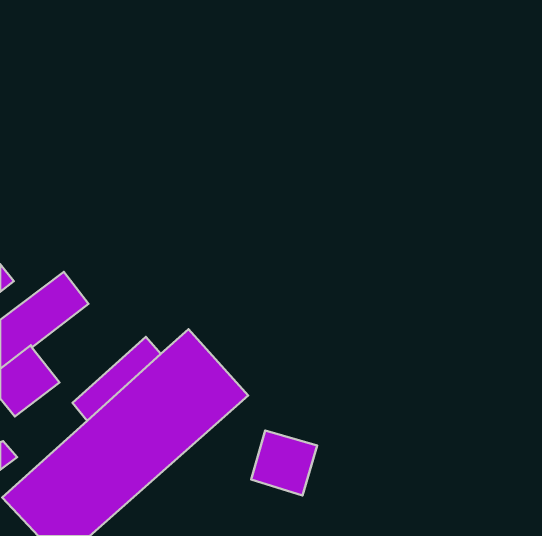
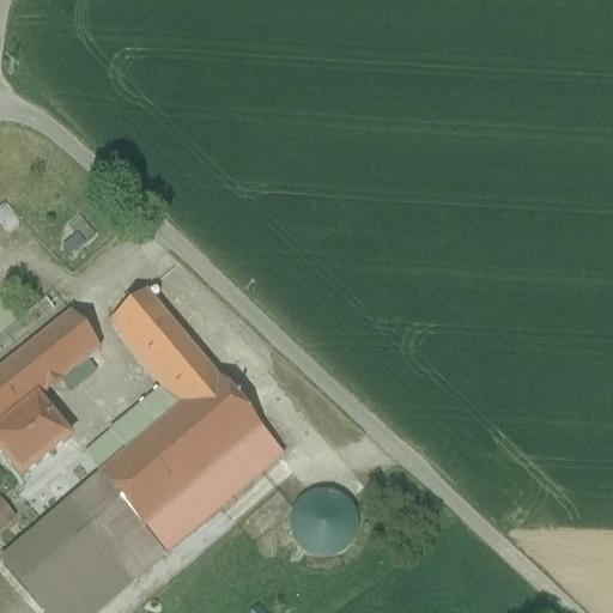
building: none -> [111,289,214,397]

